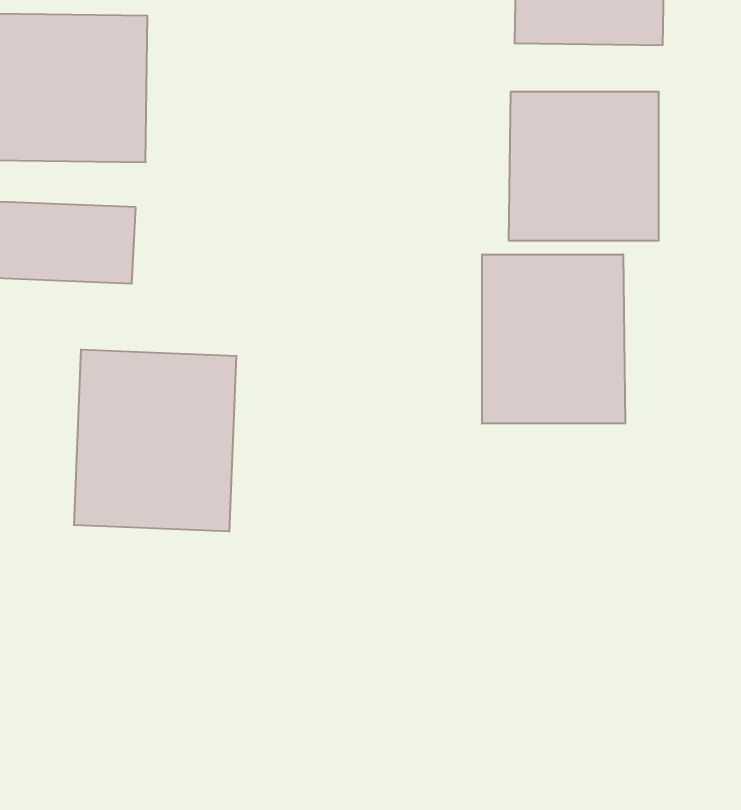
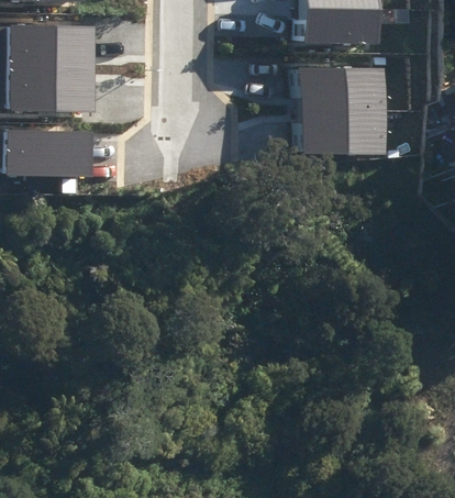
building: [482,254,625,424] -> none
building: [74,349,236,532] -> none

